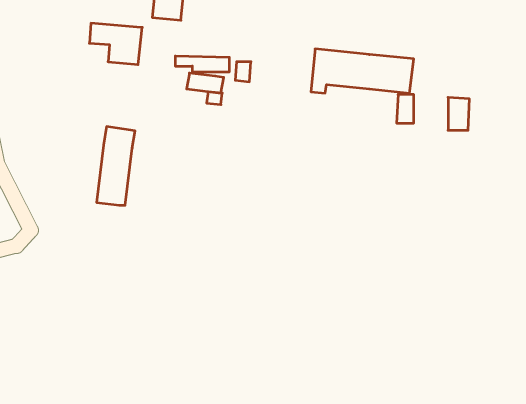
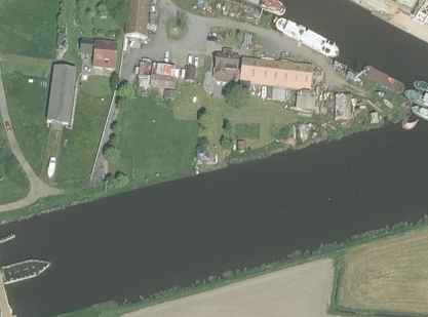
building: none -> [213,48,238,82]
building: [97,127,135,205] -> [47,66,75,122]

